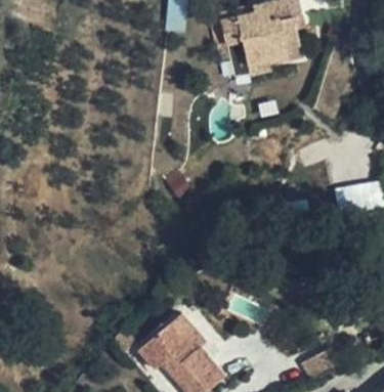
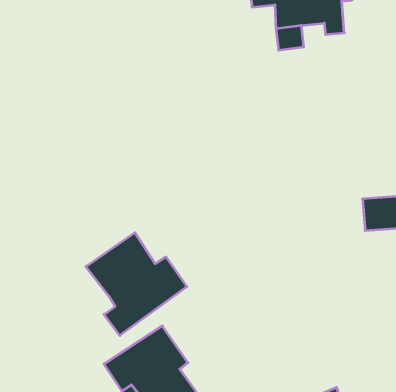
building: none -> [86,233,187,336]

